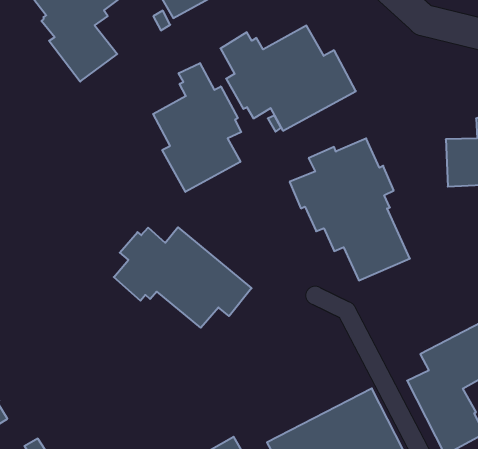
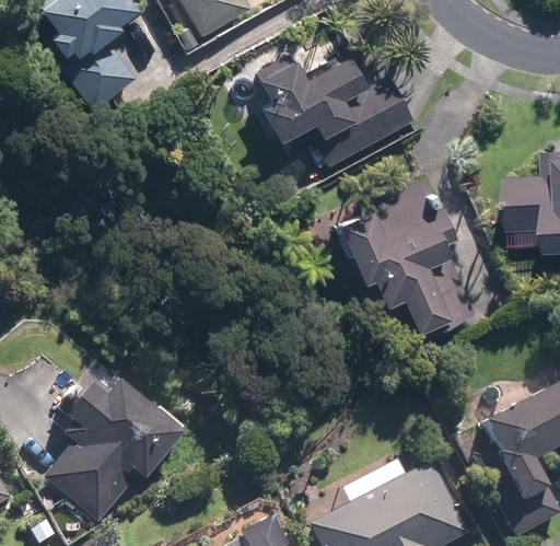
building: [153,63,241,192] -> none
building: [114,227,252,328] -> none
building: none -> [43,372,184,523]

